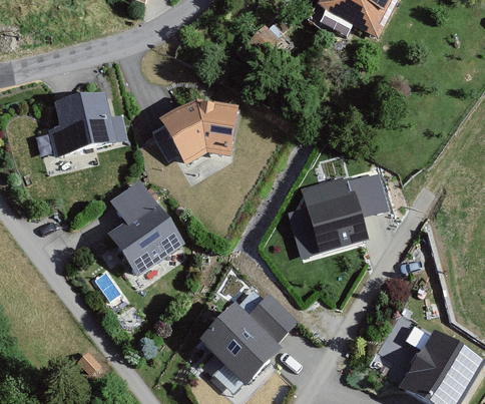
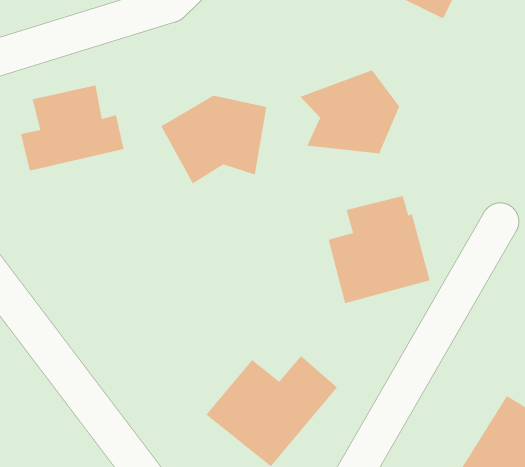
building: none -> [299,69,400,154]
building: [349,168,390,214] -> none
building: [105,180,181,278] -> none

